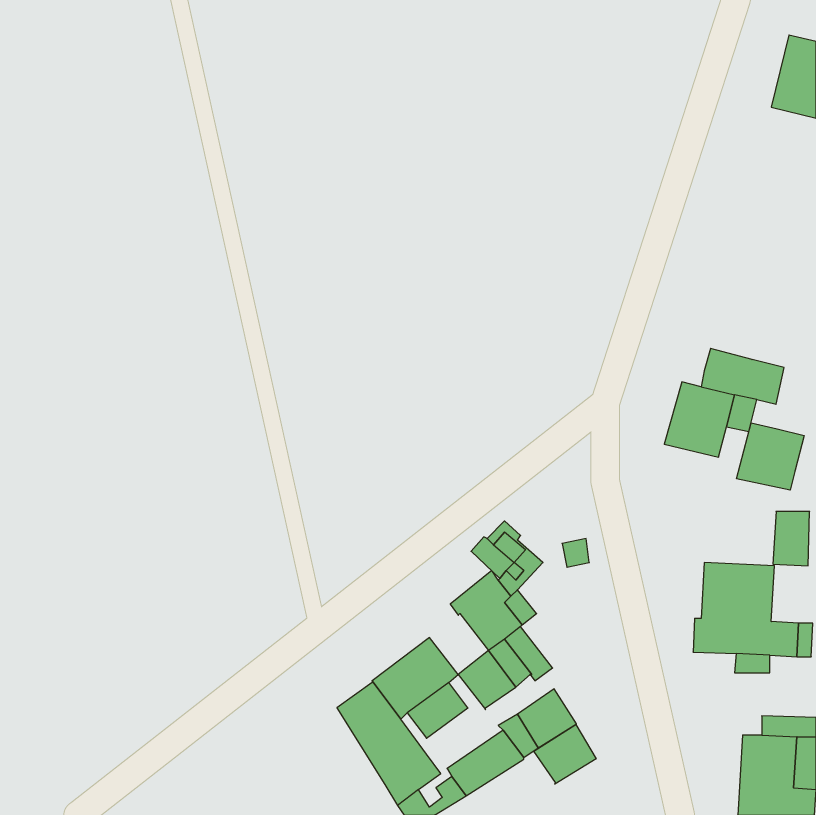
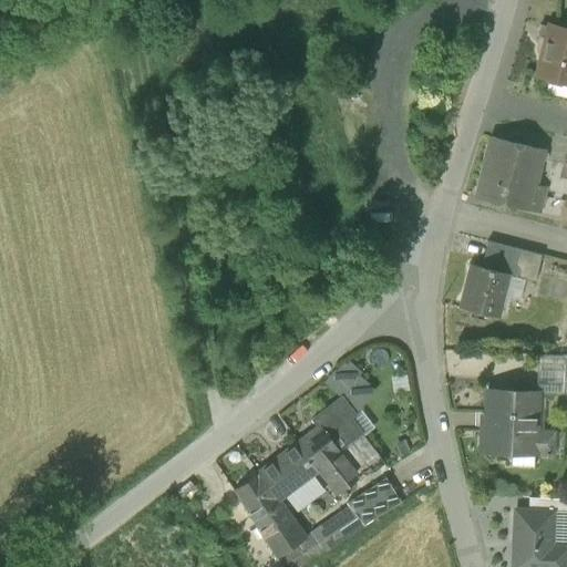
building: none -> [475,137,546,213]
building: [737,423,804,490] -> none
building: none -> [298,425,339,467]
building: [534,724,596,784] -> none

